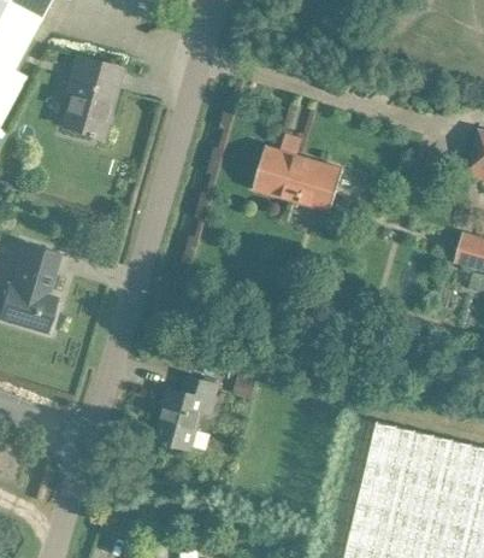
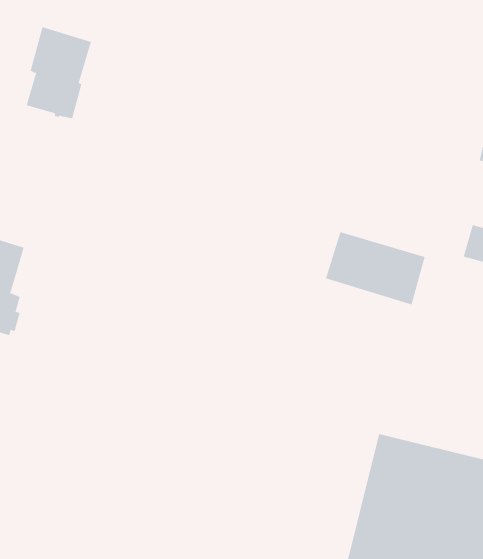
building: [253,146,343,212] -> [325,232,426,305]
building: [154,376,219,448] -> none

